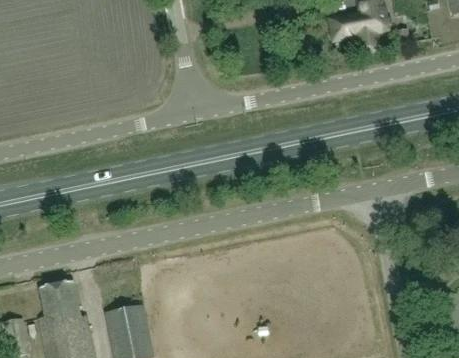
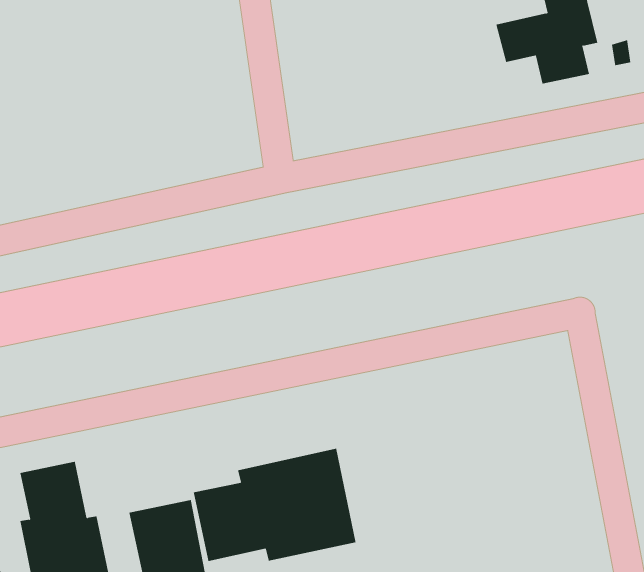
building: none -> [193,448,356,562]

